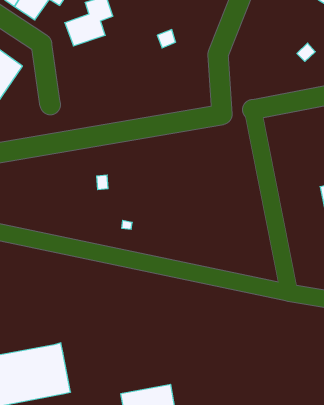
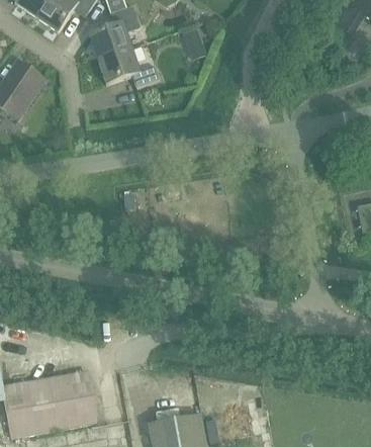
building: none -> [98,46,160,85]

